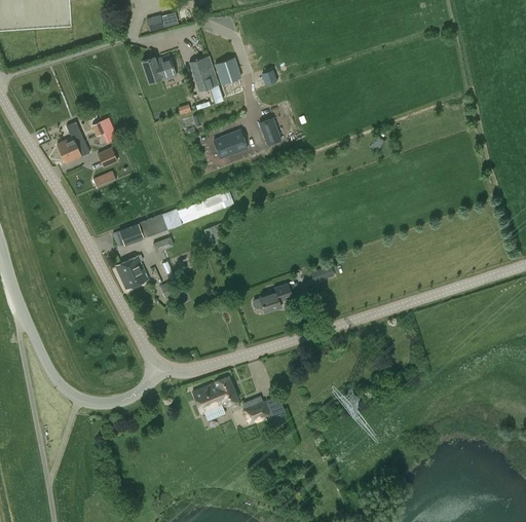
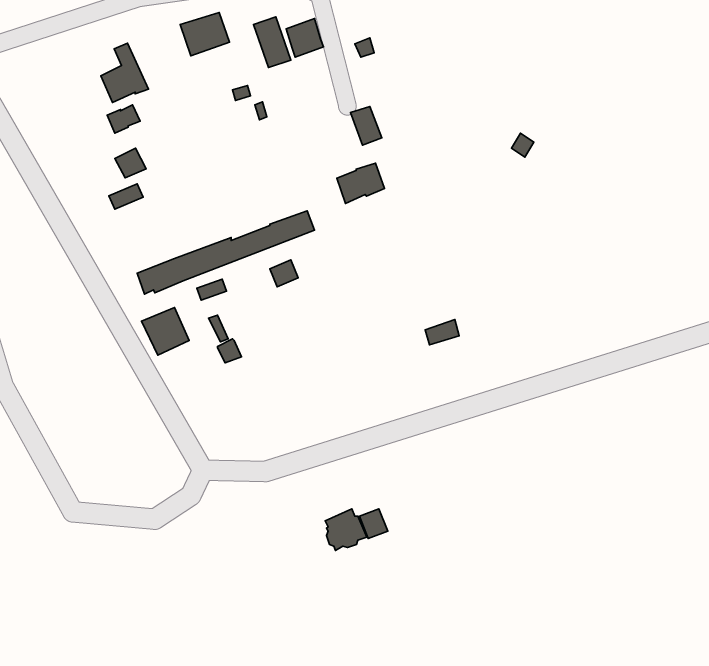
building: [58,122,90,163] -> [101,43,148,103]
building: [214,130,247,158] -> [337,163,384,203]
building: [253,282,297,313] -> none
building: [192,376,237,413] -> none

